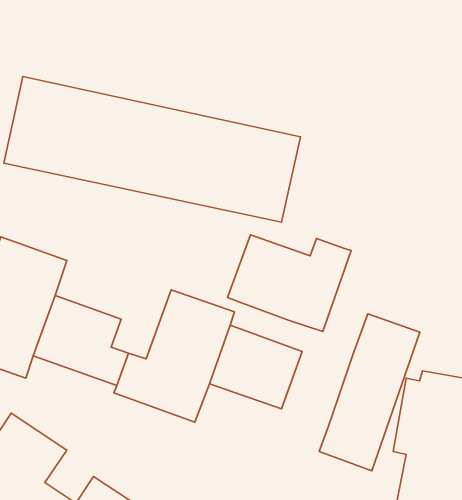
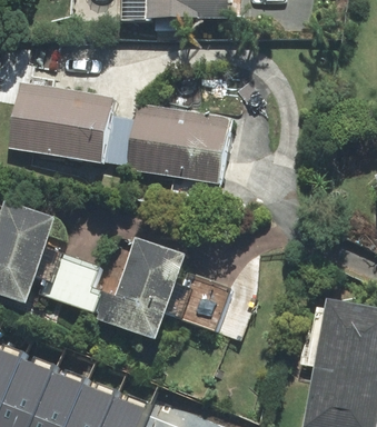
building: [228,235,351,331] -> none
building: [319,314,420,471] -> none

